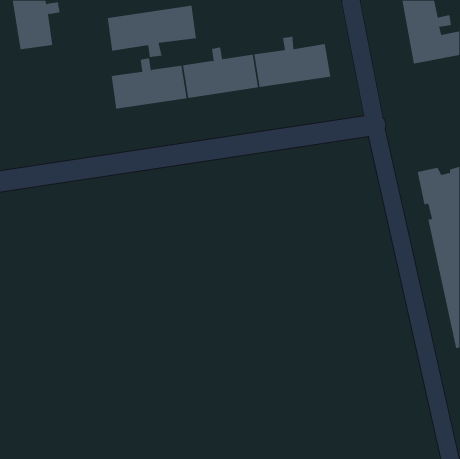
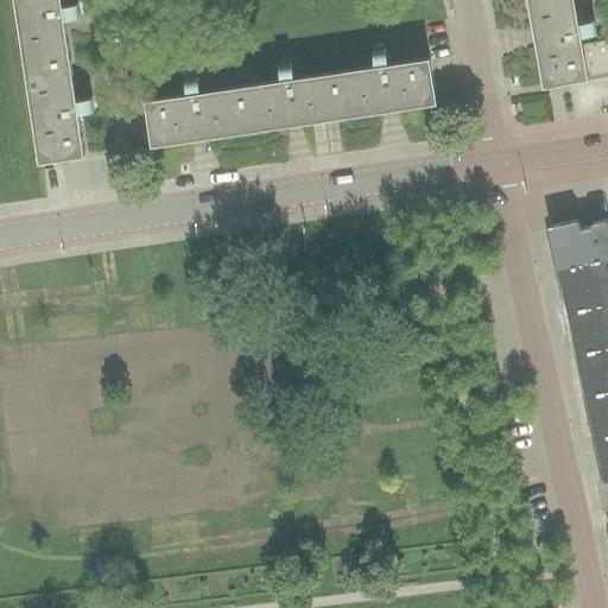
building: [107,5,196,58] -> none
building: none -> [26,63,94,164]

